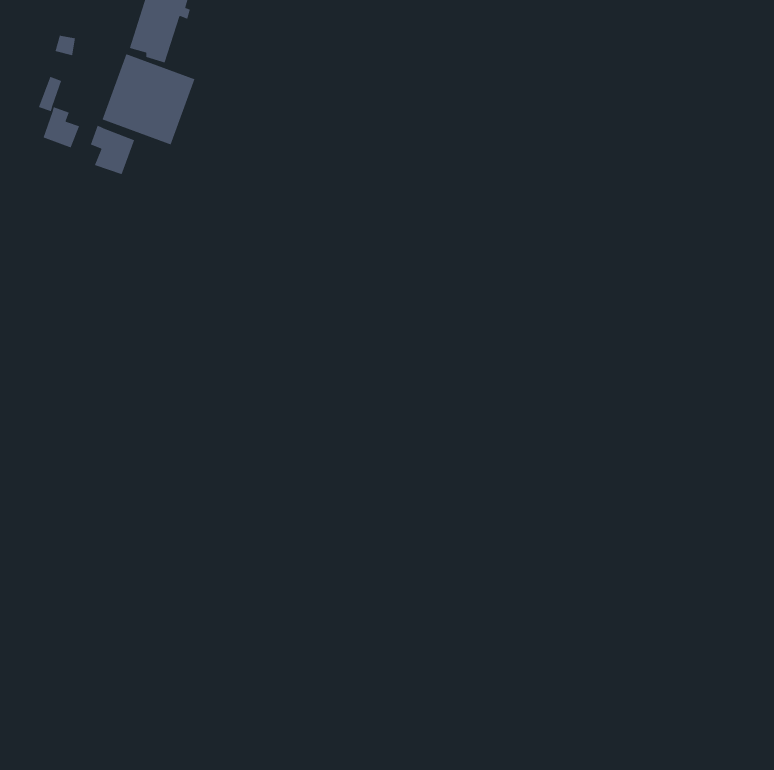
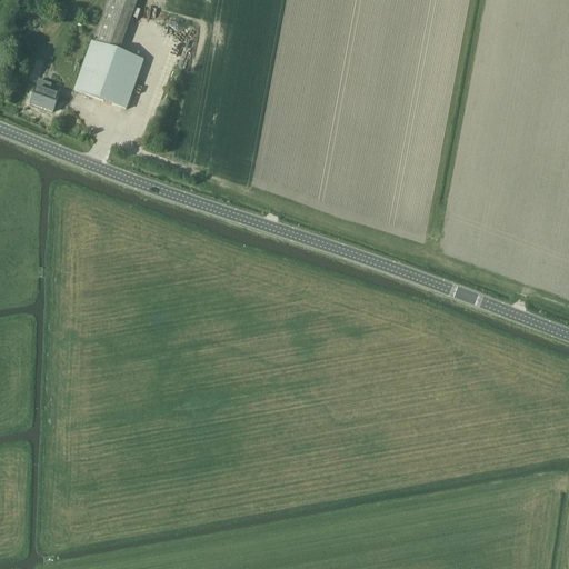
building: [90,125,135,175] -> none

